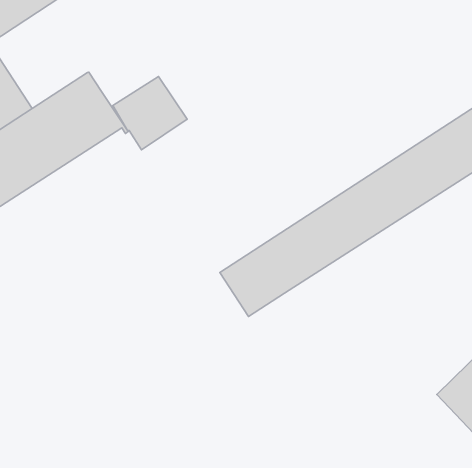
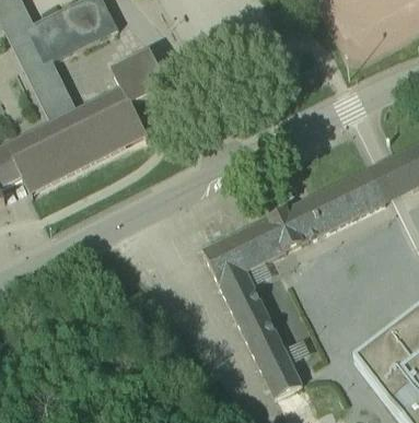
building: [113,77,187,150] -> [113,54,166,106]
building: none -> [220,270,300,389]

